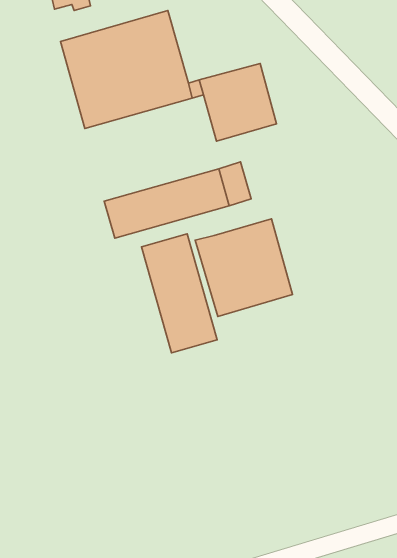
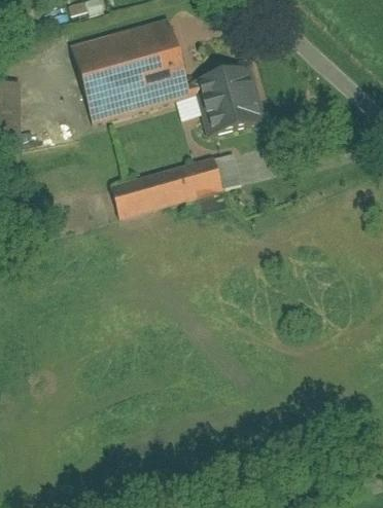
building: [195,219,292,317] -> none
building: [142,234,217,353] -> none

